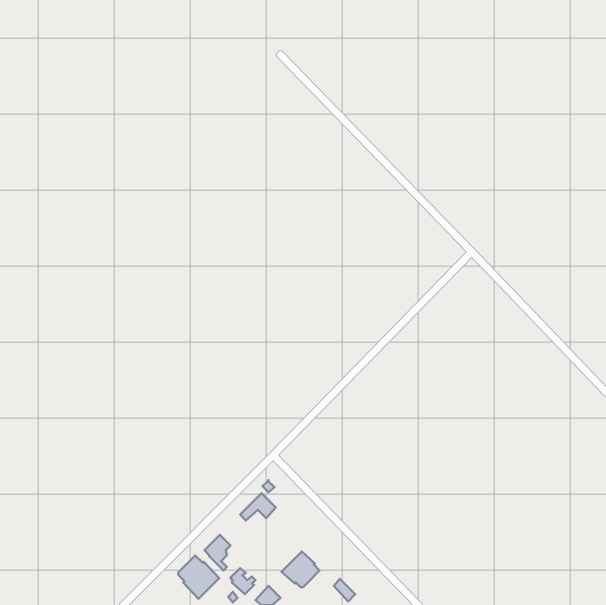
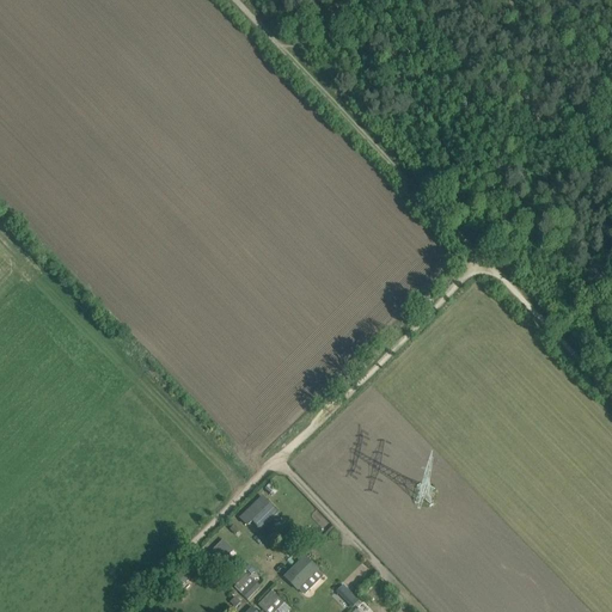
building: [178,555,219,599] -> none

